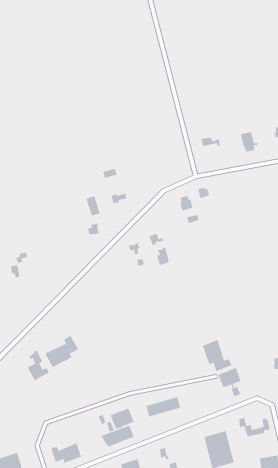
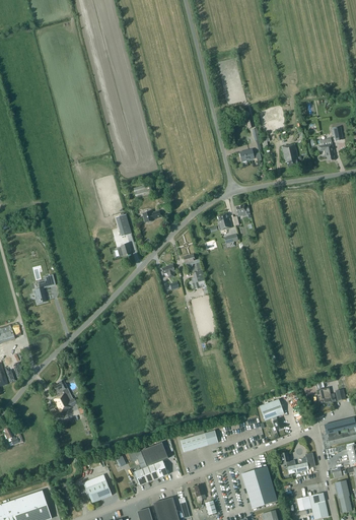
building: [44,335,79,368] -> none
building: [202,339,232,372] -> none

